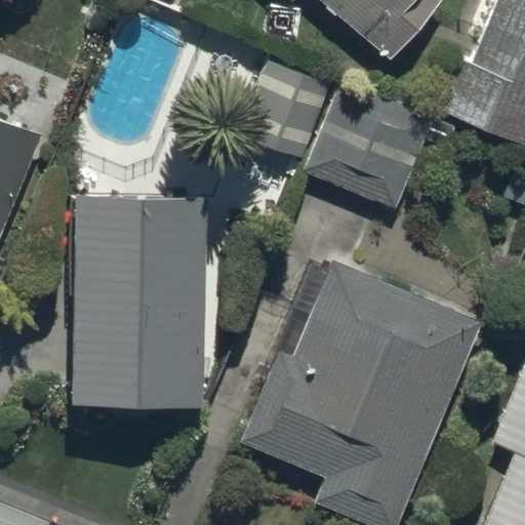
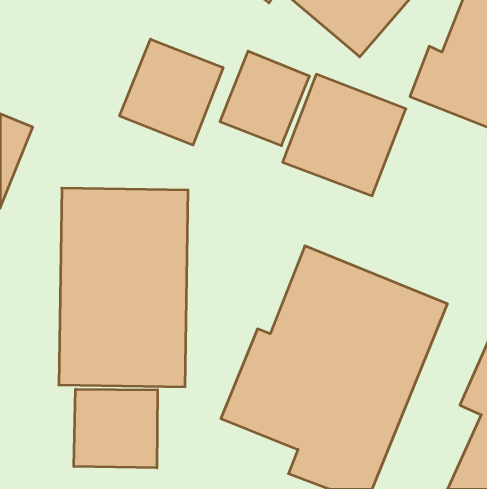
building: none -> [120,39,223,145]
building: none -> [74,389,158,468]

